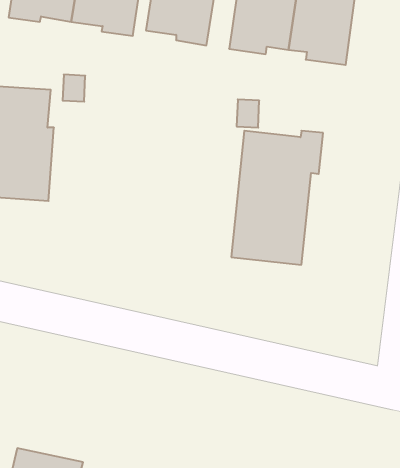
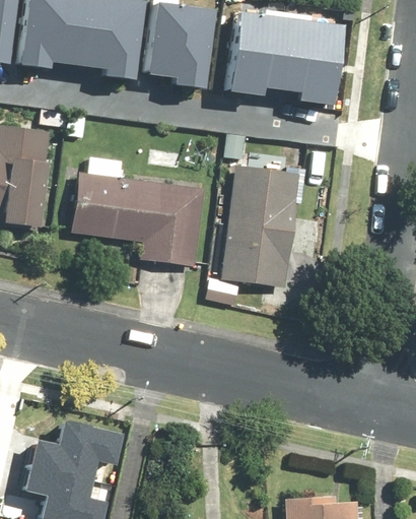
building: none -> [74,165,207,267]
building: none -> [22,420,115,477]

